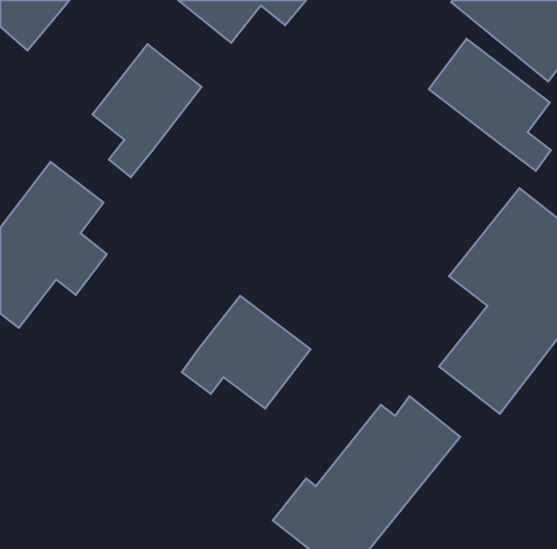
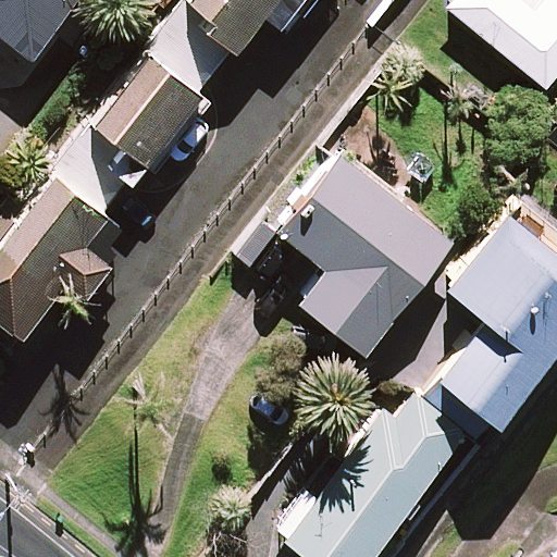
building: [429,39,551,171] -> none
building: none -> [280,129,450,352]
building: [182,296,311,409] -> none

